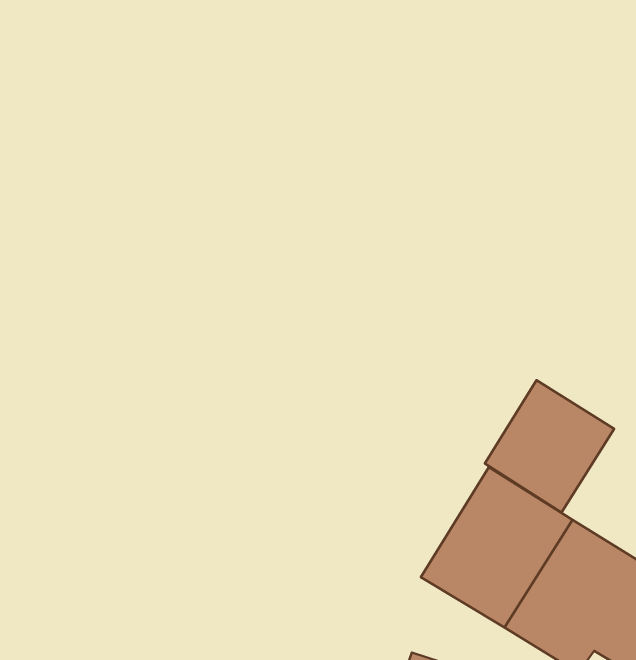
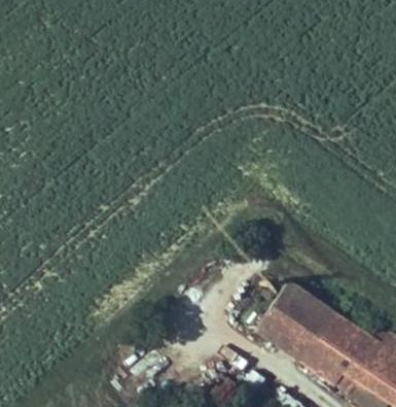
building: [485,380,614,513] -> none

